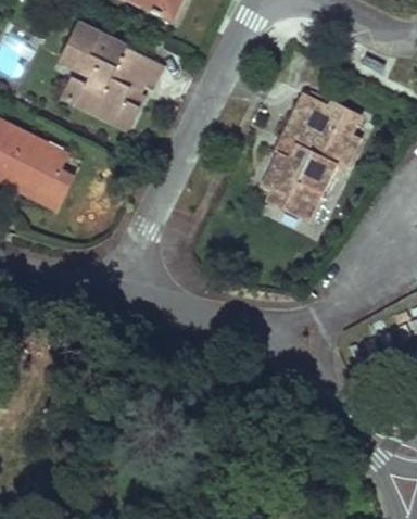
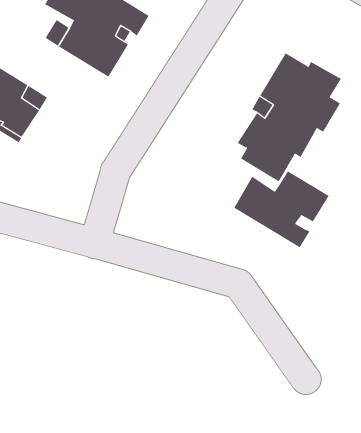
building: none -> [234,170,329,248]

